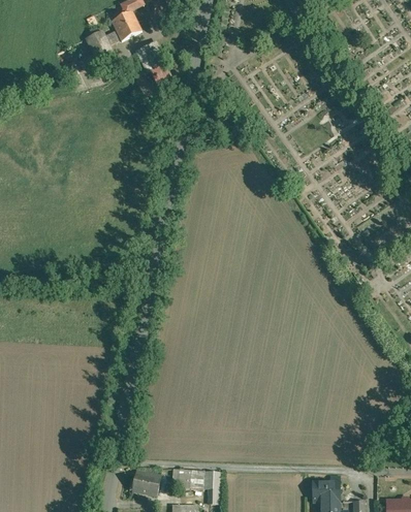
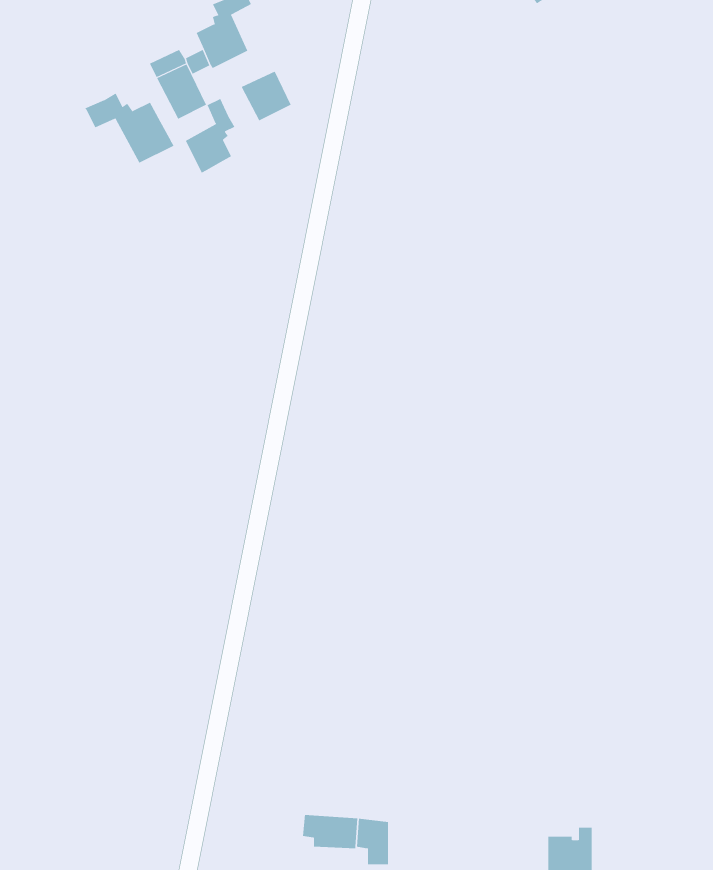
building: none -> [84,93,174,164]
building: none -> [185,97,235,173]
building: [130,472,162,494] -> none

